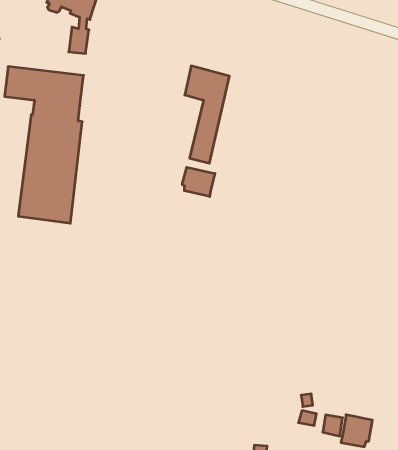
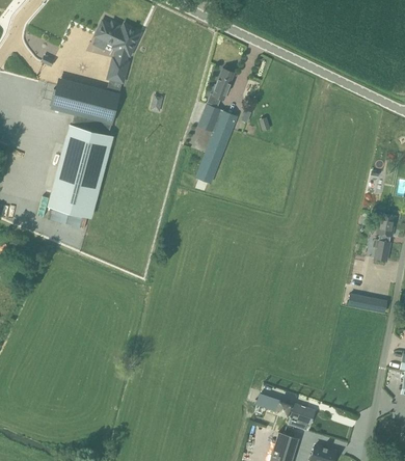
building: none -> [208,65,235,106]
building: [182,167,215,197] -> none

